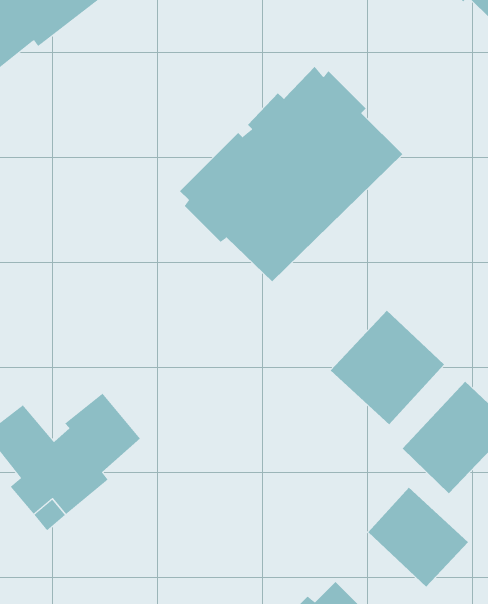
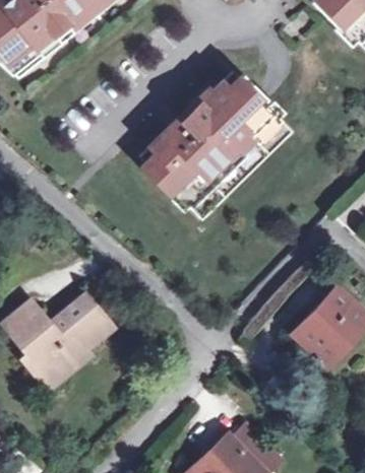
building: [330,310,445,425] -> none
building: [368,487,469,587] -> none

